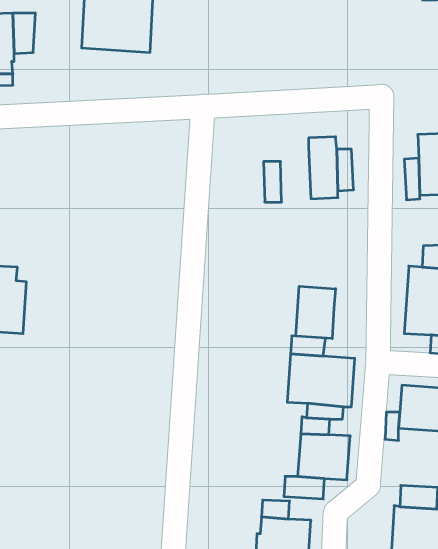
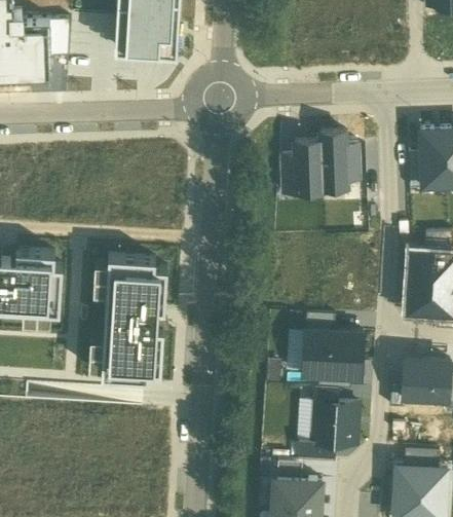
building: none -> [293,143,322,193]
building: none -> [100,257,166,381]
building: [296,286,336,339] -> none

